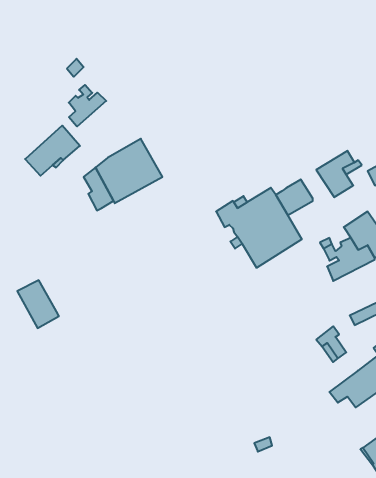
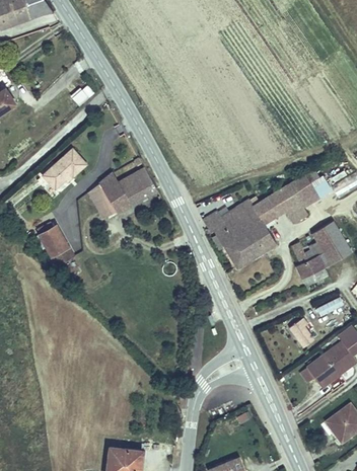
building: [69,85,106,126] -> none
building: none -> [275,185,307,224]
building: [17,280,59,328] -> [39,226,74,266]

